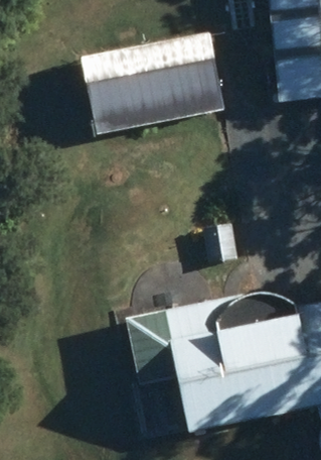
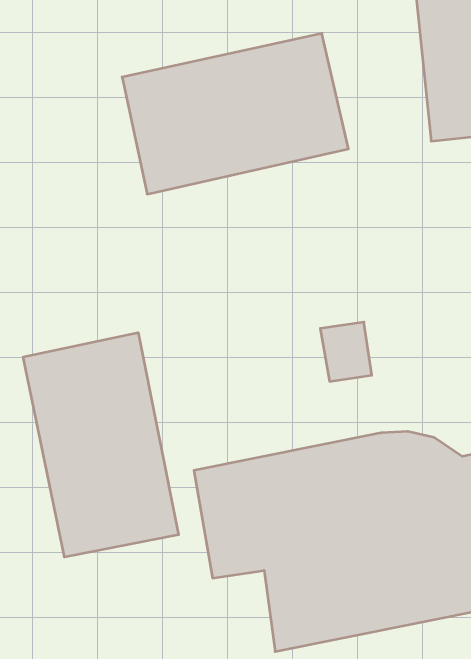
building: none -> [23,333,179,557]

